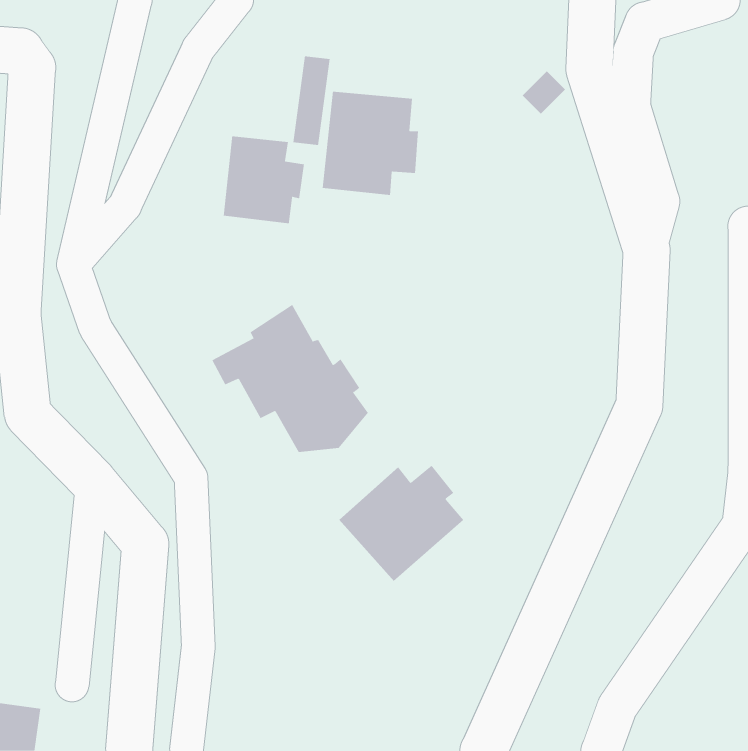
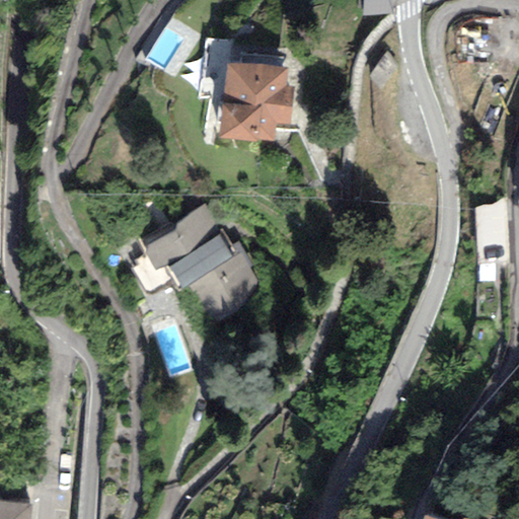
building: [223,136,305,224] -> none
building: [338,465,464,582] -> none

